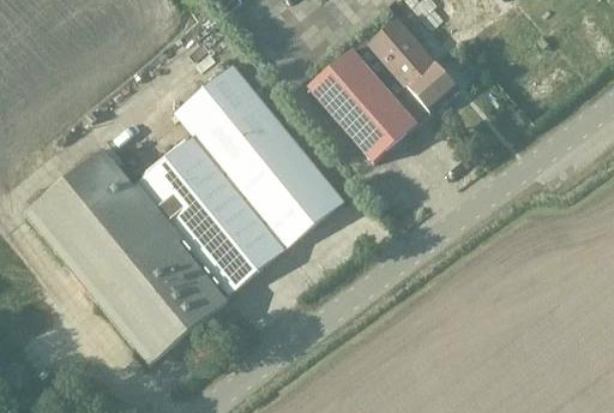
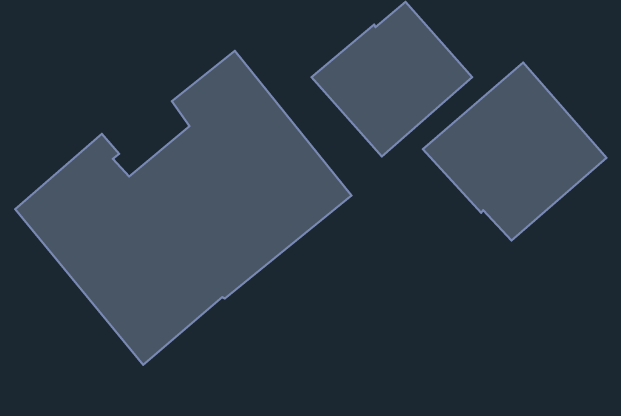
building: none -> [423,62,607,241]

